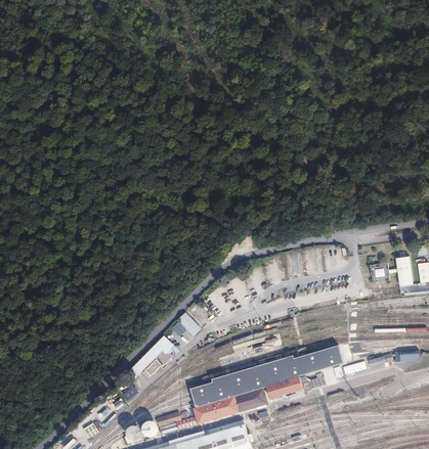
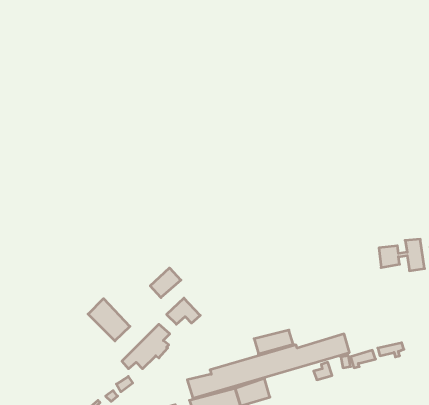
building: none -> [150,268,181,298]
building: none -> [88,299,130,341]
building: [266,376,303,399] -> [254,330,293,354]

